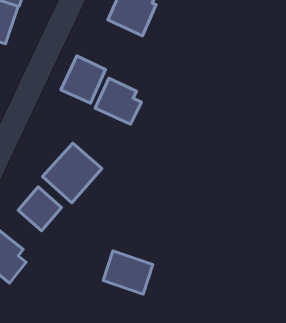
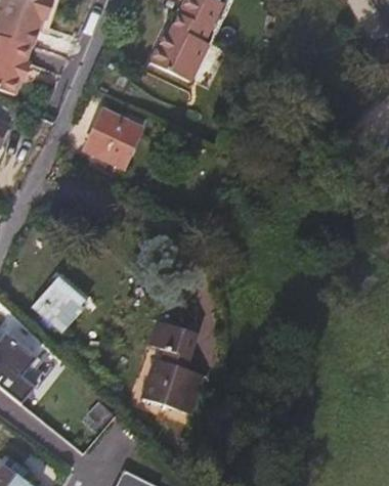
building: [95,78,141,124] -> none
building: [43,143,102,203] -> none
building: none -> [150,319,204,356]

